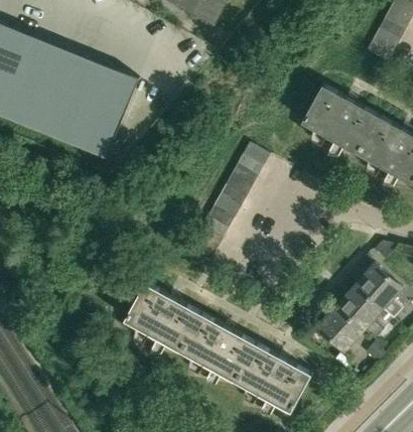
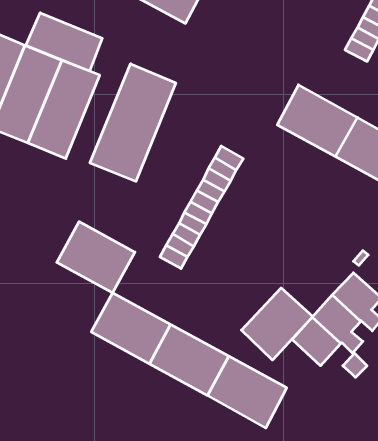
building: none -> [26,13,102,71]
building: none -> [90,64,176,181]
building: none -> [57,222,135,293]
building: none -> [241,288,313,360]

